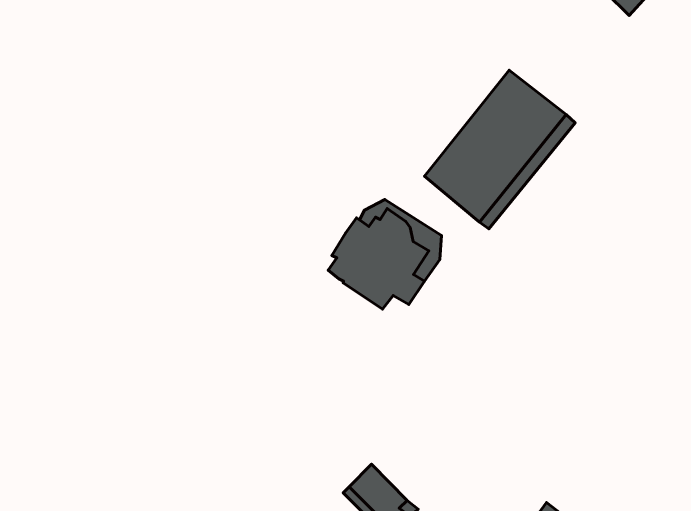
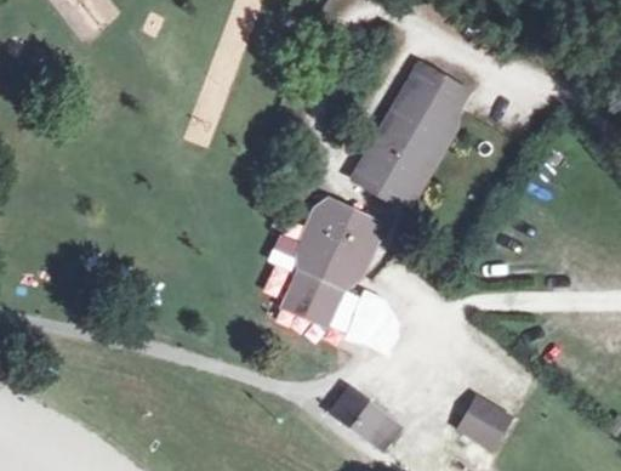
building: none -> [404,64,467,121]
building: none -> [286,261,358,323]

